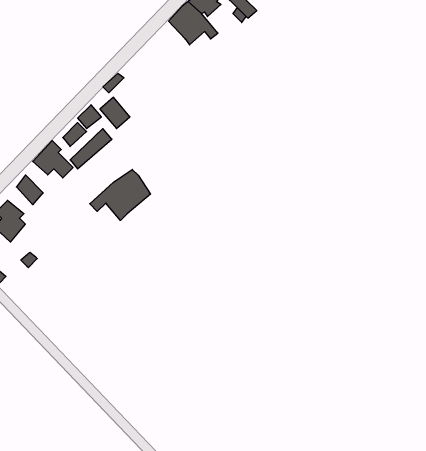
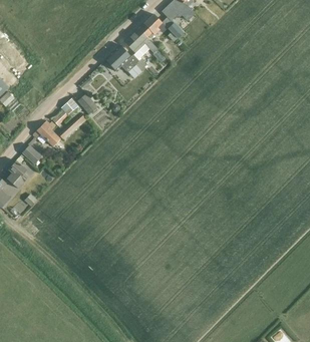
building: none -> [103,44,143,72]
building: [90,169,151,220] -> none

